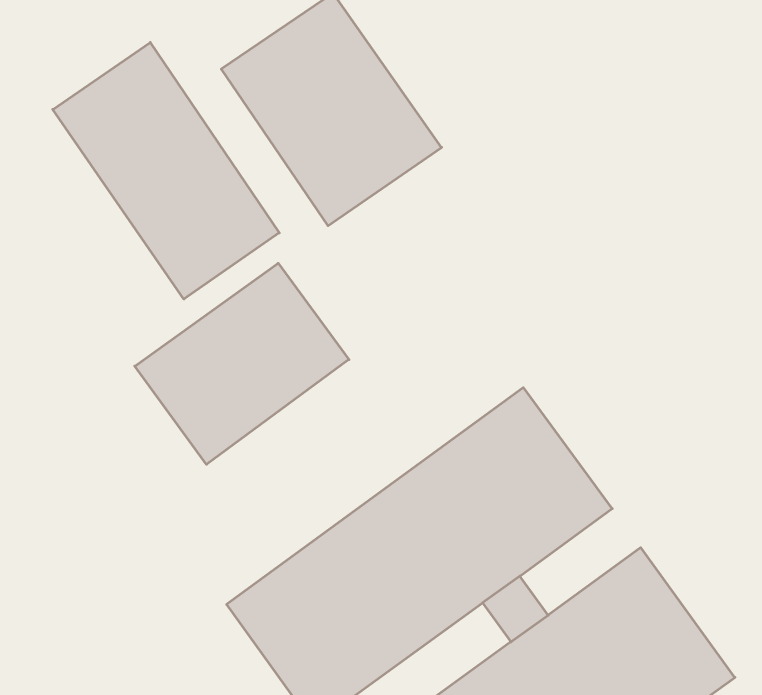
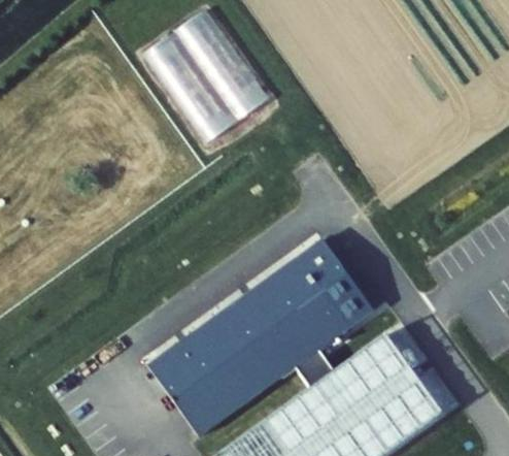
building: [53,42,279,299] -> none
building: [135,263,349,464] -> none

